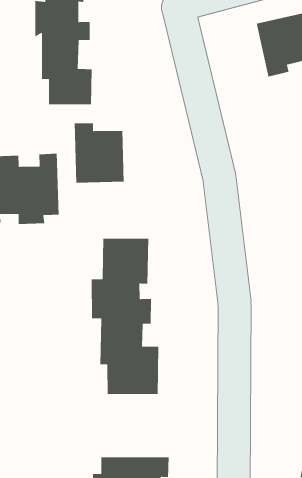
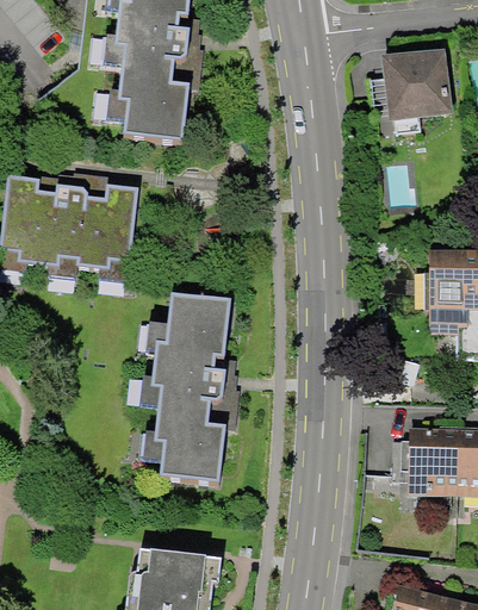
building: [74,123,125,183] -> none

